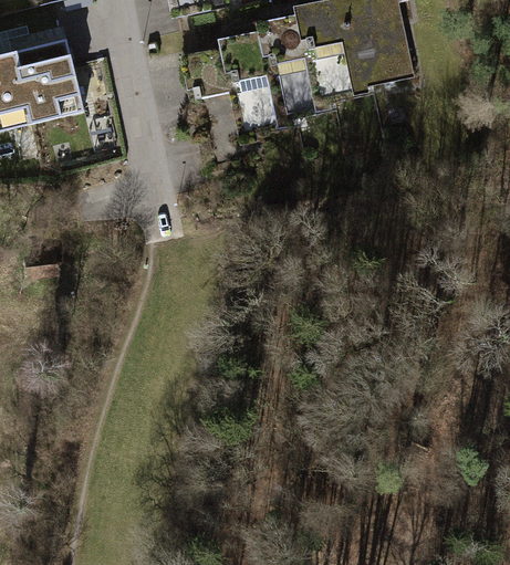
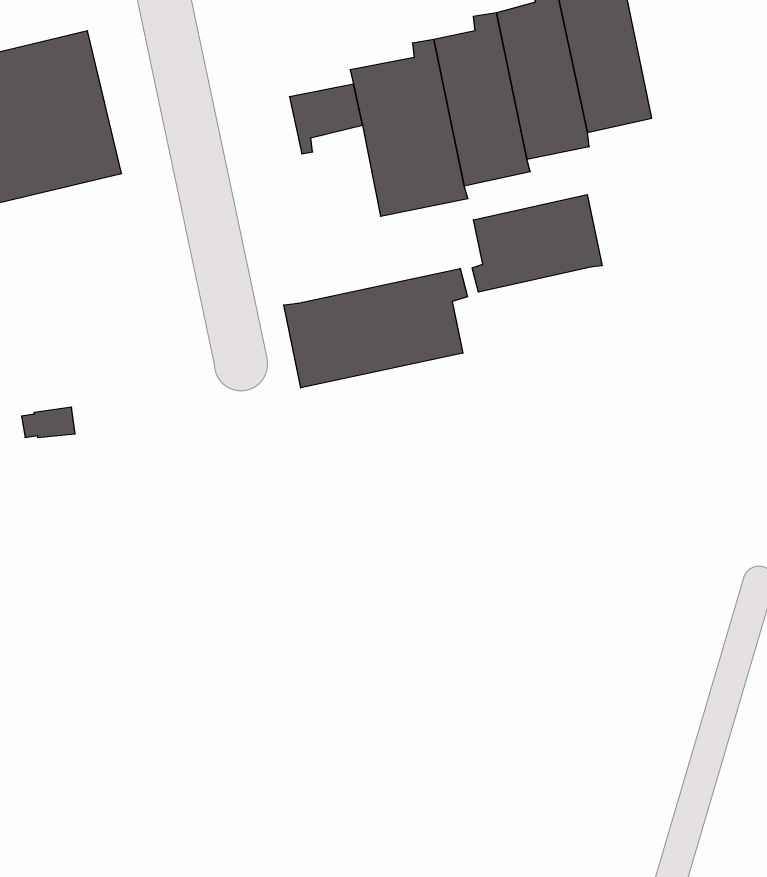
building: none -> [472,195,602,292]
building: none -> [284,268,468,388]

